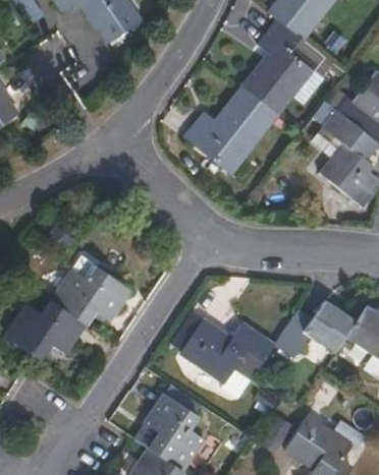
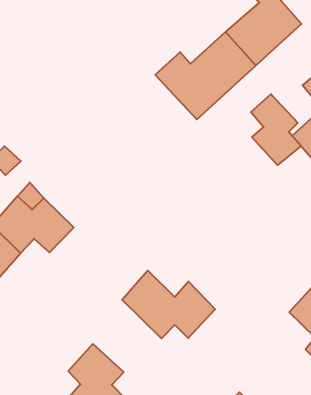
building: none -> [251,94,301,165]
building: [277,301,349,354] -> none

